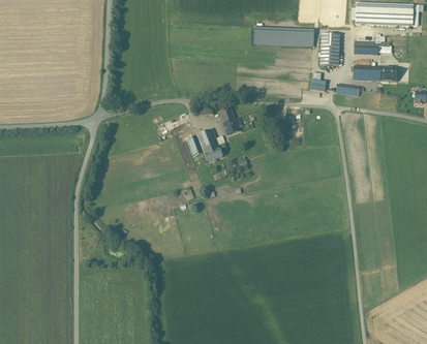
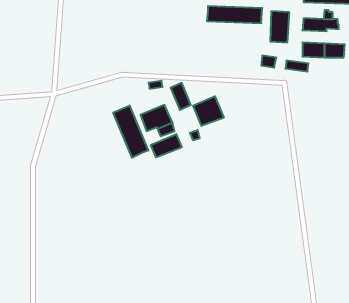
building: none -> [193,96,224,126]
building: none -> [113,105,148,158]
building: none -> [151,134,182,157]

